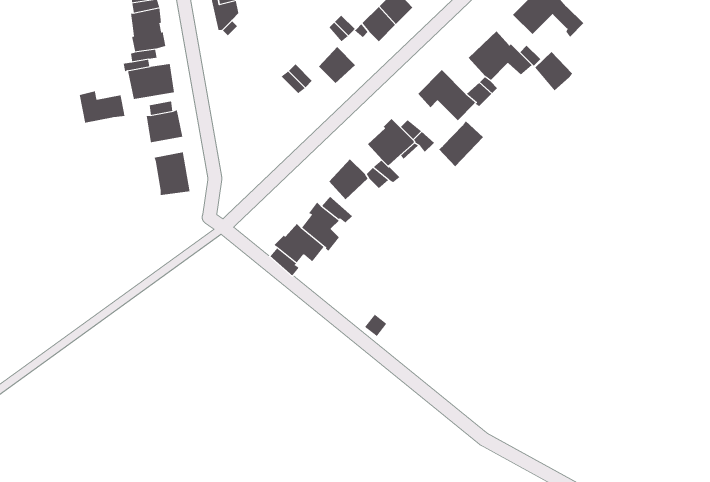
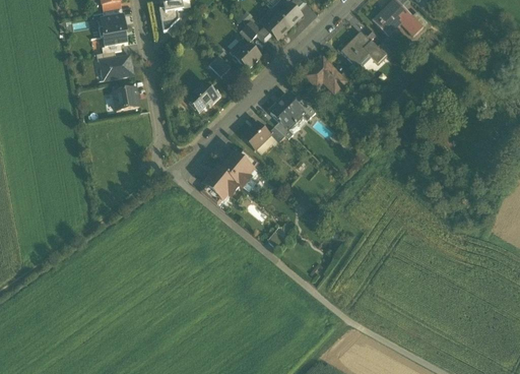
building: [535,51,573,91] -> none
building: [79,91,125,123] -> none
building: none -> [189,83,220,111]
building: [438,121,484,167] -> none
building: [154,151,190,196] -> none

